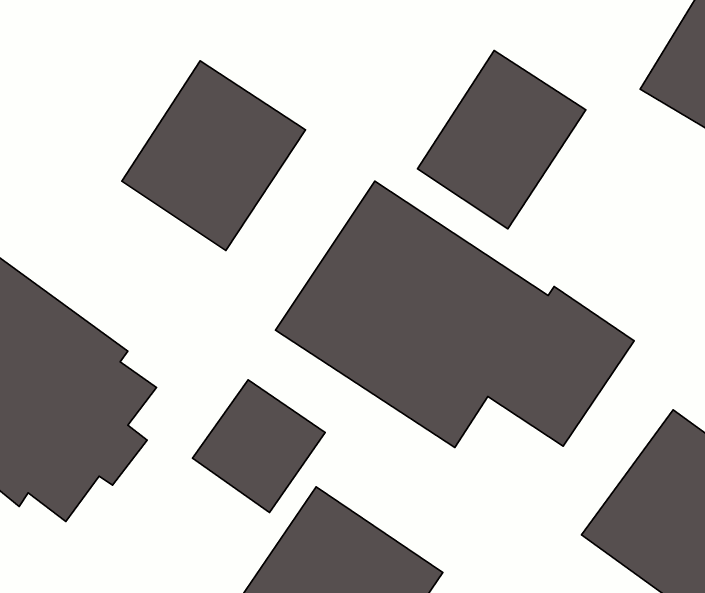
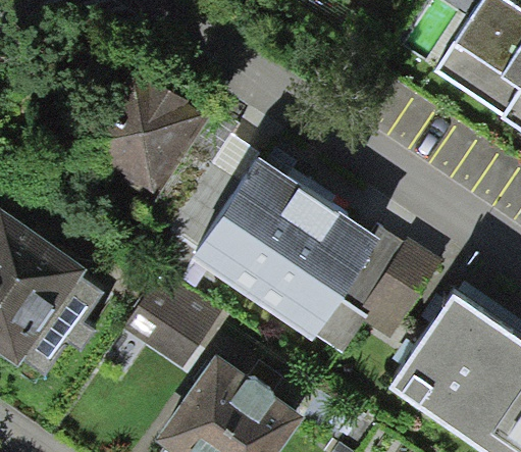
building: [417,51,586,229] -> none

